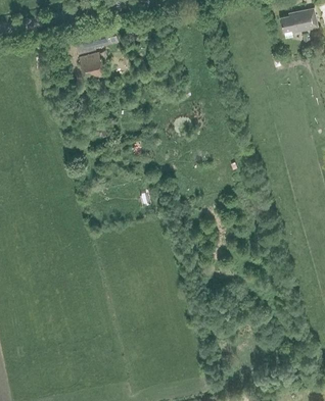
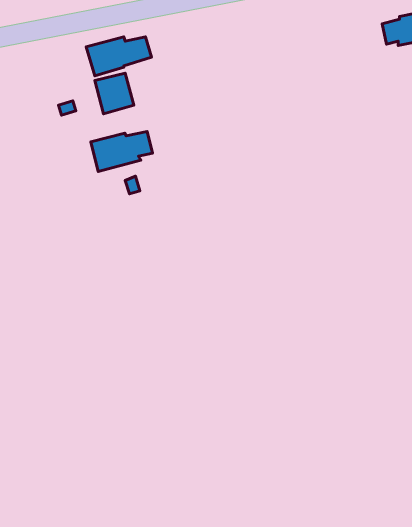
building: none -> [91,131,153,171]

